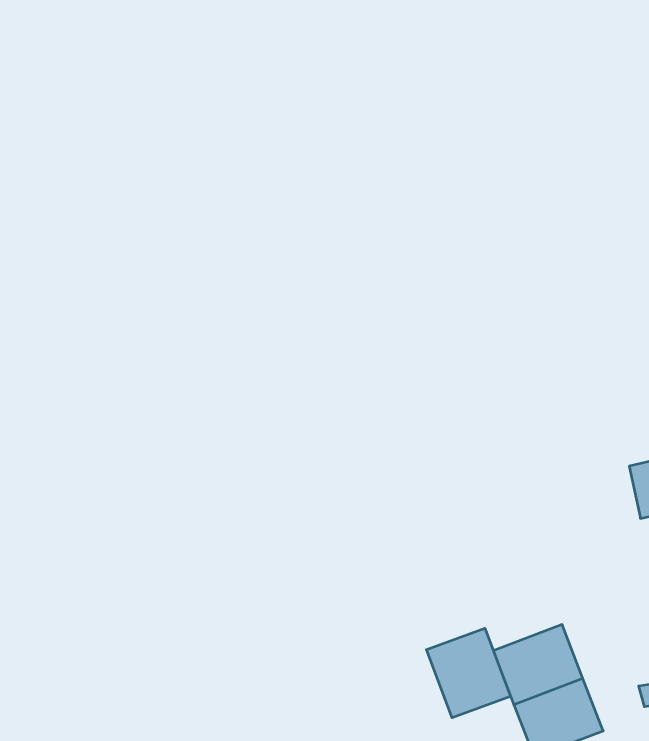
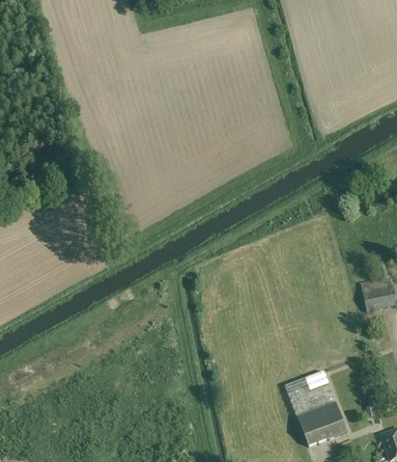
building: [426,628,511,718] -> none

